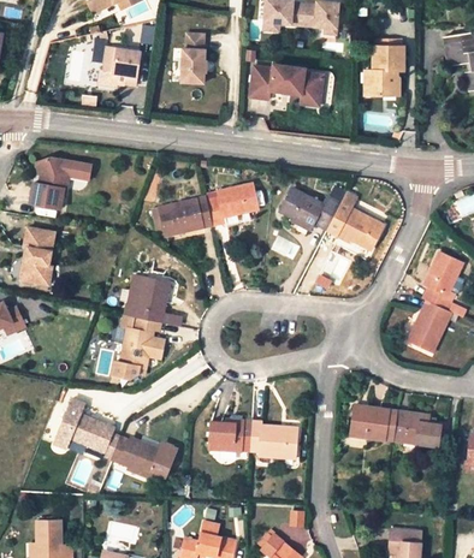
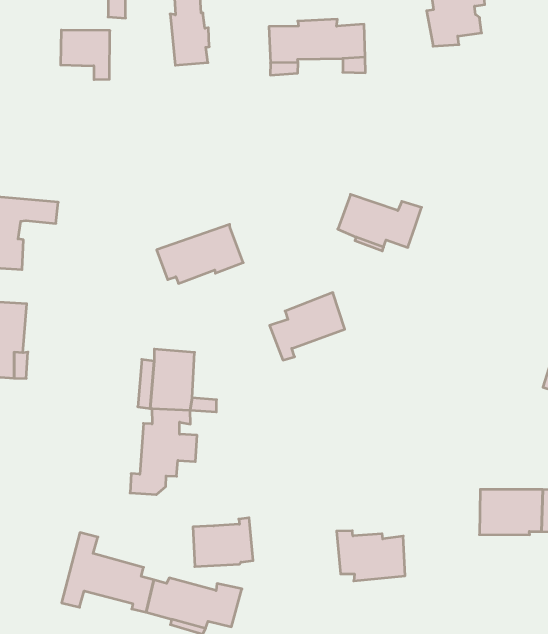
building: [206,183,257,225] -> [270,293,345,360]
building: [327,192,383,249] -> none
building: [209,420,251,451] -> [193,518,253,567]

